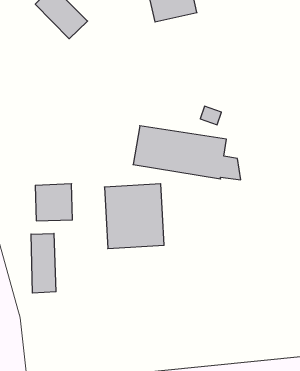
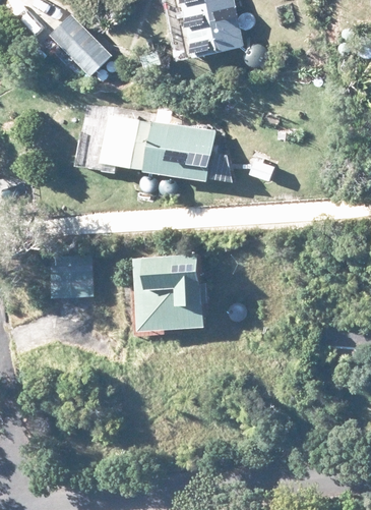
building: [133,126,241,180] -> [100,116,230,181]
building: [31,233,56,293] -> none

